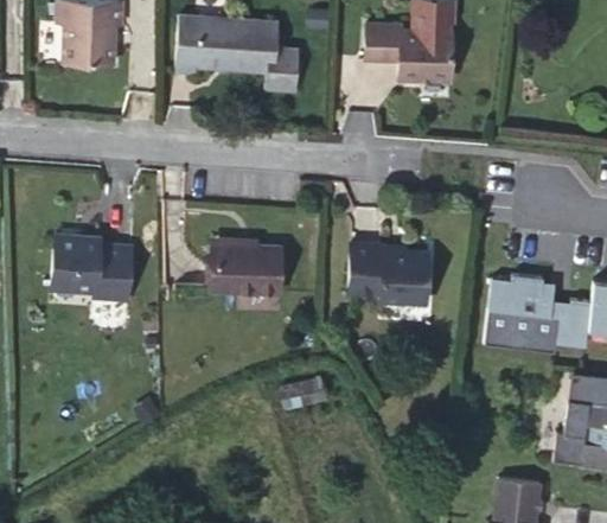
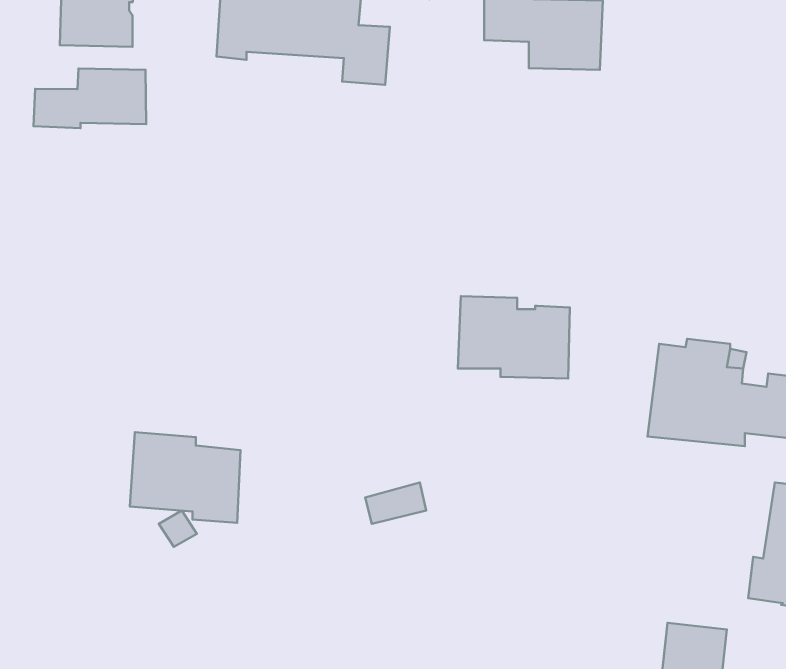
building: none -> [34,69,146,128]
building: [52,235,132,300] -> [130,432,241,523]
building: [211,243,282,292] -> none

